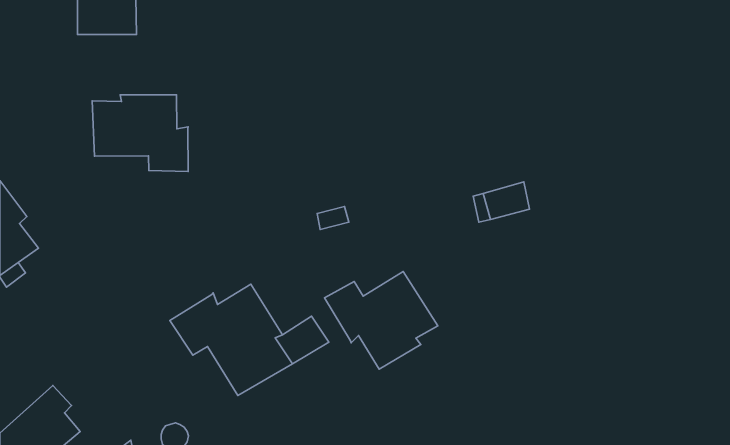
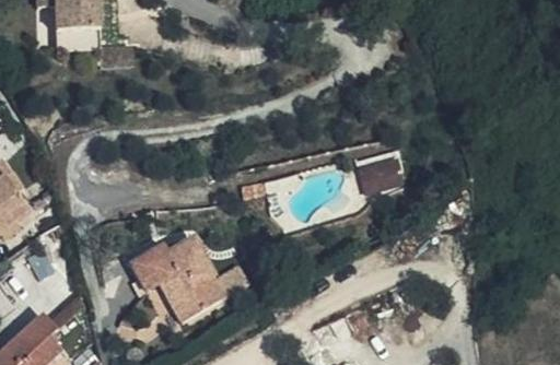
building: [92,95,188,171] -> none
building: [325,272,438,369] -> none

